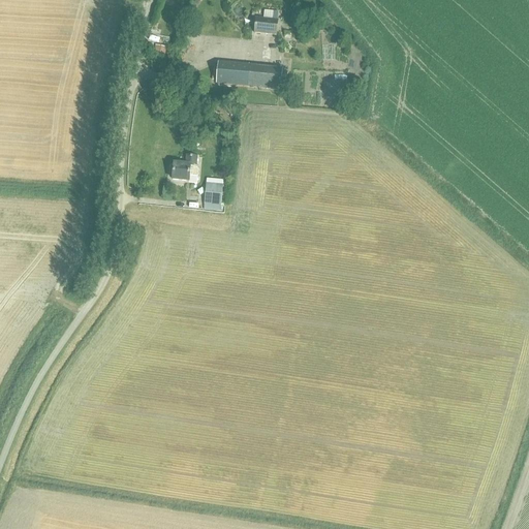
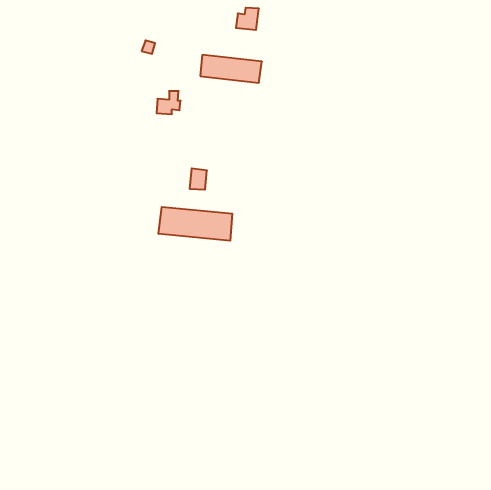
building: [172,154,197,179] -> [157,91,181,114]
building: none -> [159,207,232,241]

